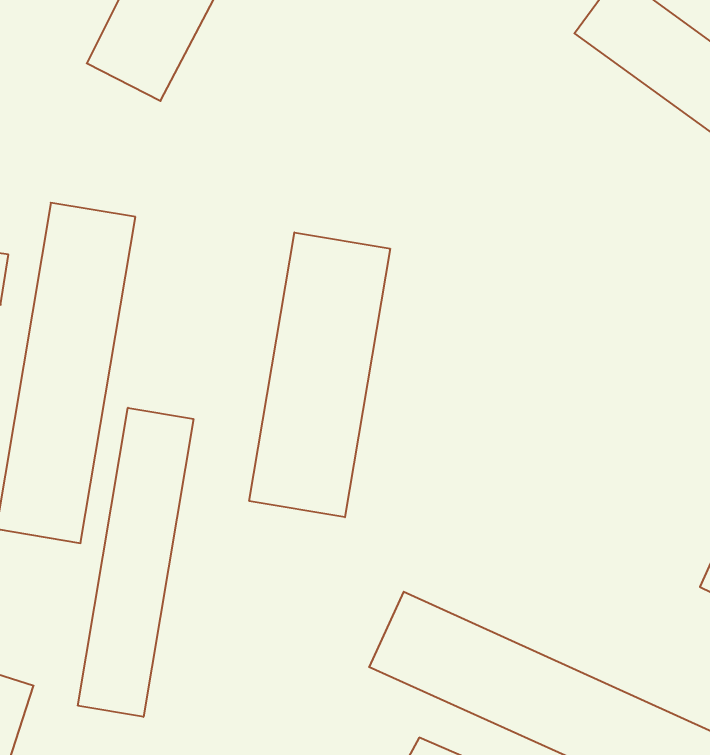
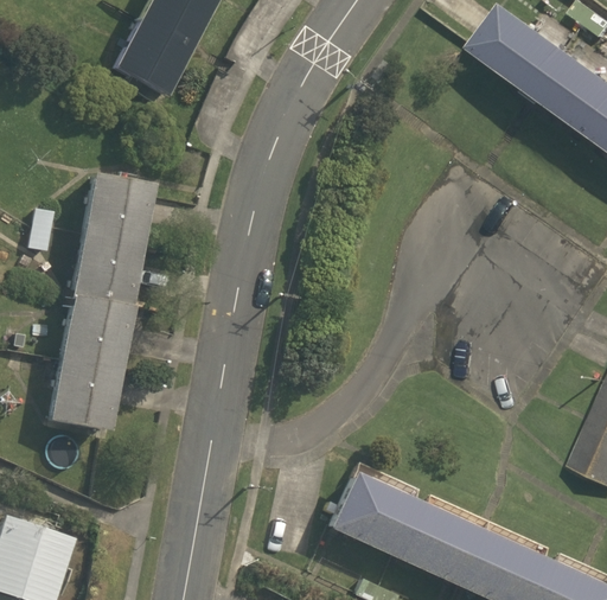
building: [249,232,390,517] -> none
building: [78,408,193,717] -> none

